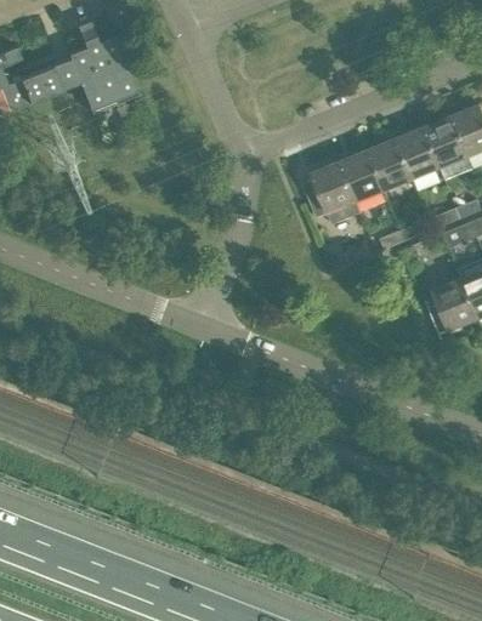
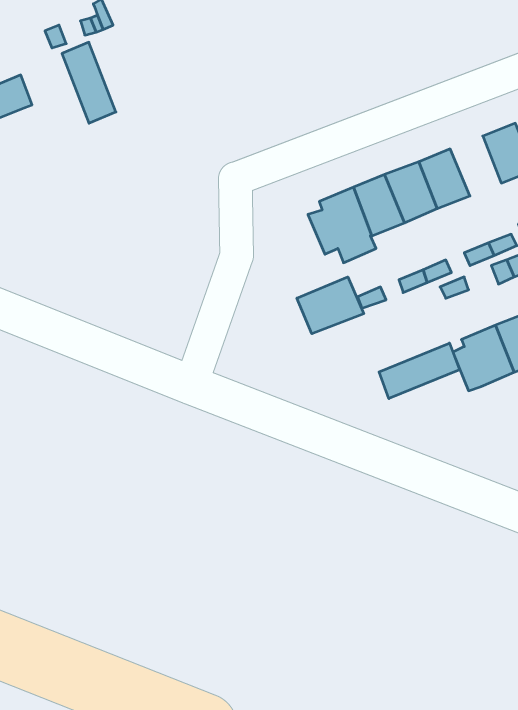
building: [67,46,114,114] -> none
building: [423,116,466,167] -> none
building: none -> [297,277,364,334]
building: none -> [379,343,459,399]

